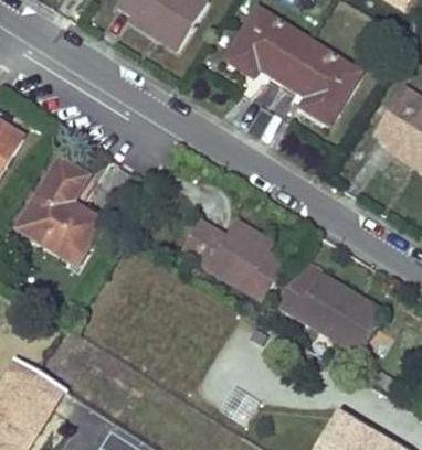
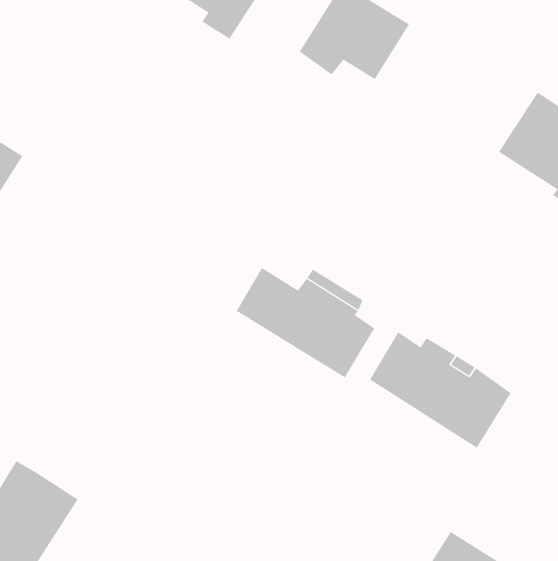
building: [283,40,359,124] -> none
building: [15,159,103,267] -> none

